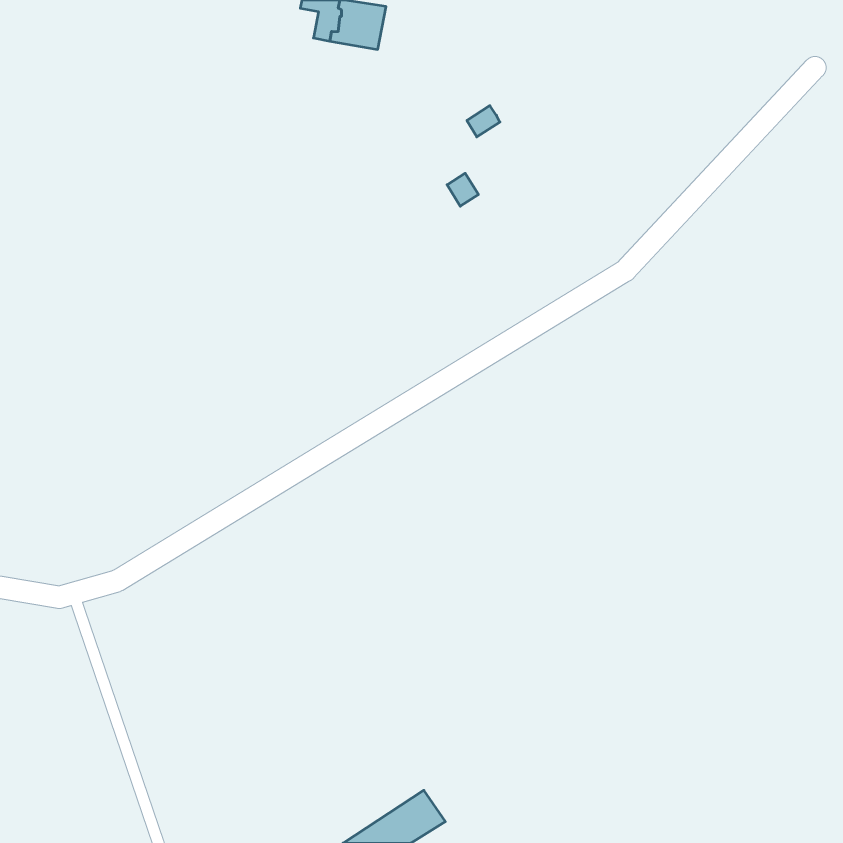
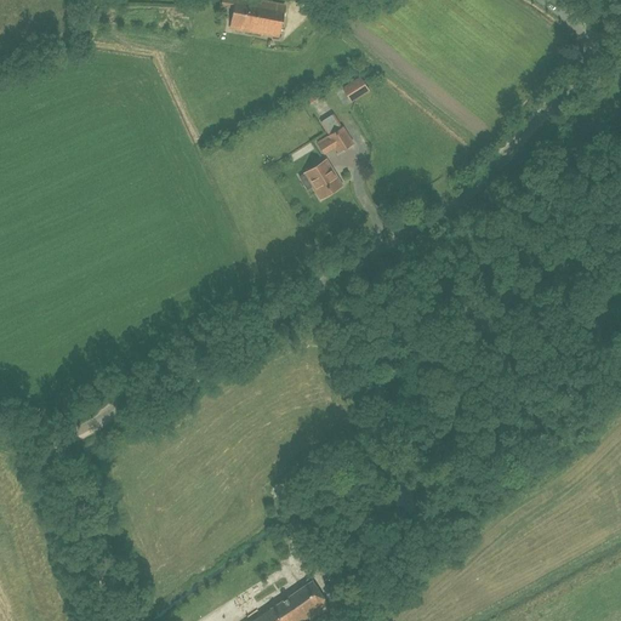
building: none -> [304,160,341,199]

